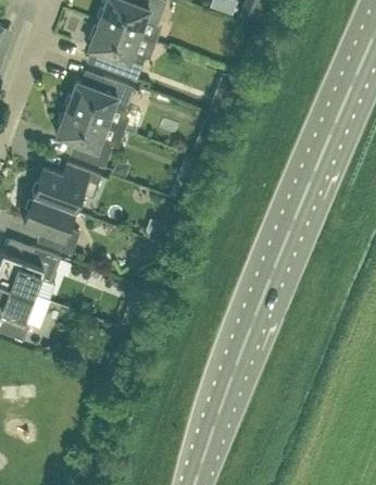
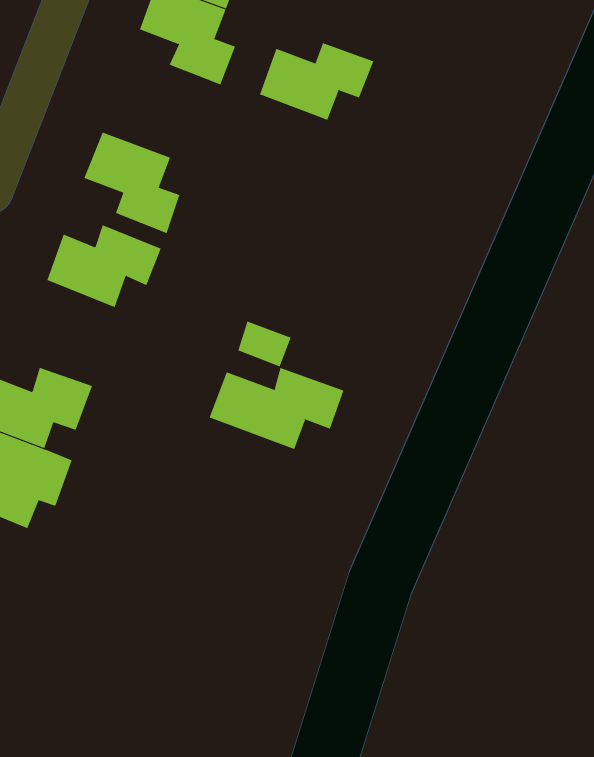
building: [66,76,134,122] -> [259,43,374,120]
building: [23,194,79,253] -> none
building: none -> [209,367,344,450]

